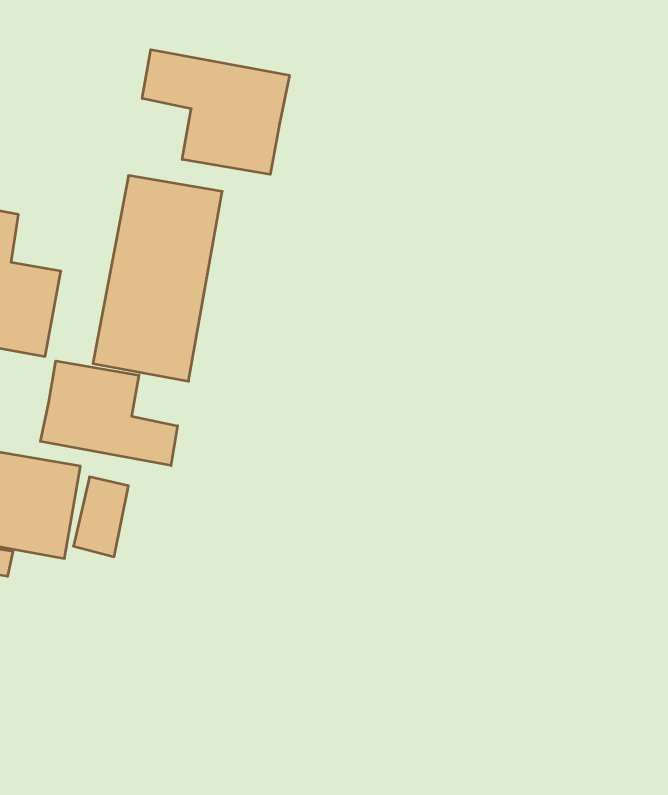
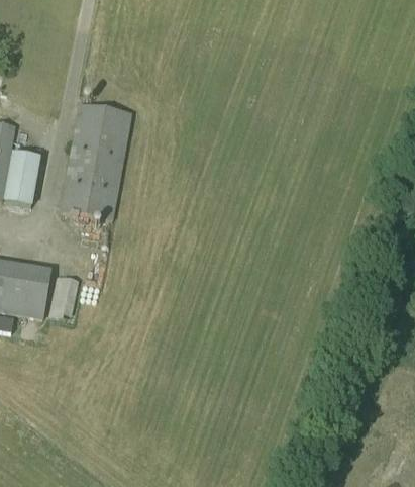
building: [142,50,289,174] -> none
building: [40,361,178,466] -> none

